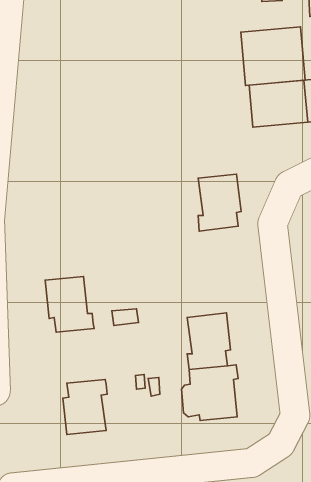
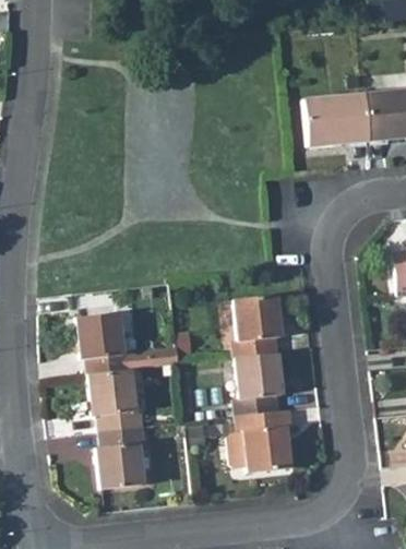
building: [241,27,305,85] -> none
building: [198,174,241,231] -> [235,295,283,358]
building: none -> [89,370,144,431]

